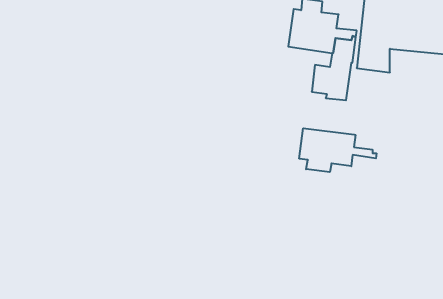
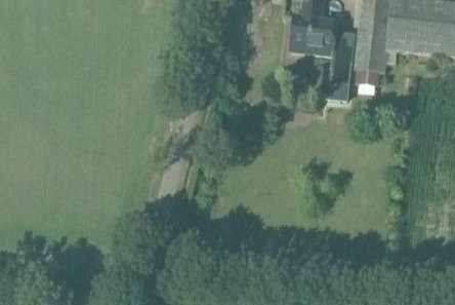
building: [299,128,376,172] -> none

